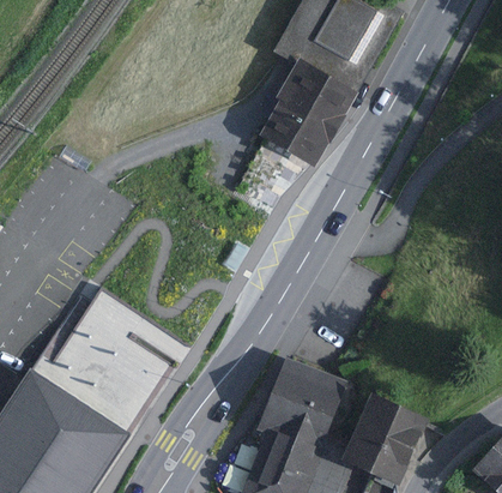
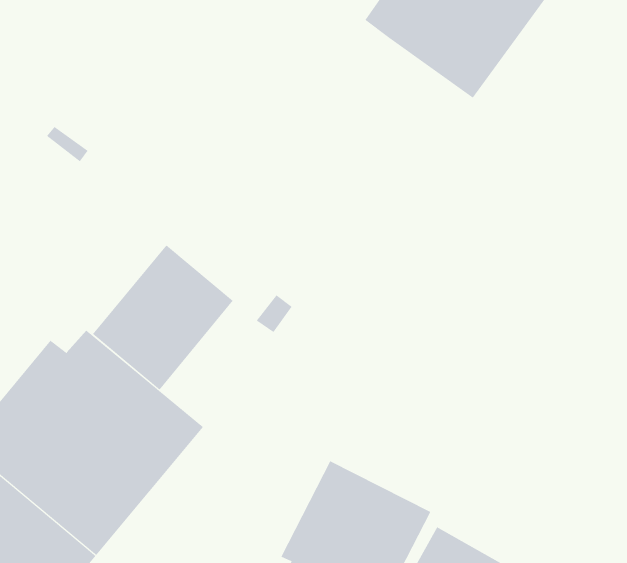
building: [250,64,352,168] -> none
building: none -> [92,245,234,390]

